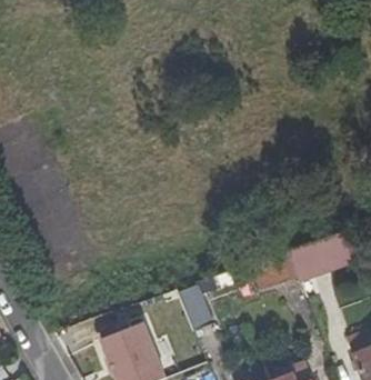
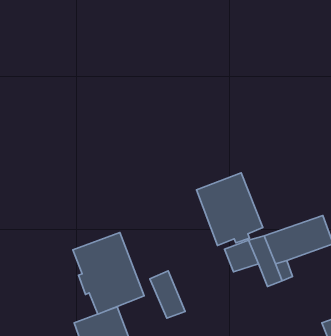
building: none -> [197,173,263,245]
building: none -> [73,233,144,314]

